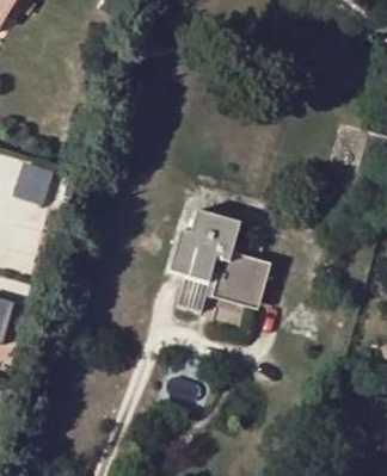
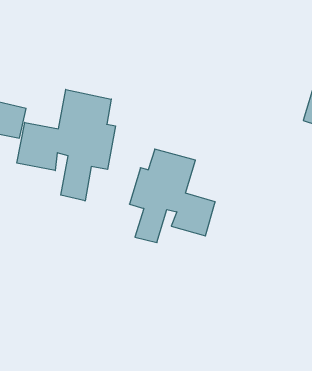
building: none -> [17,89,115,201]

